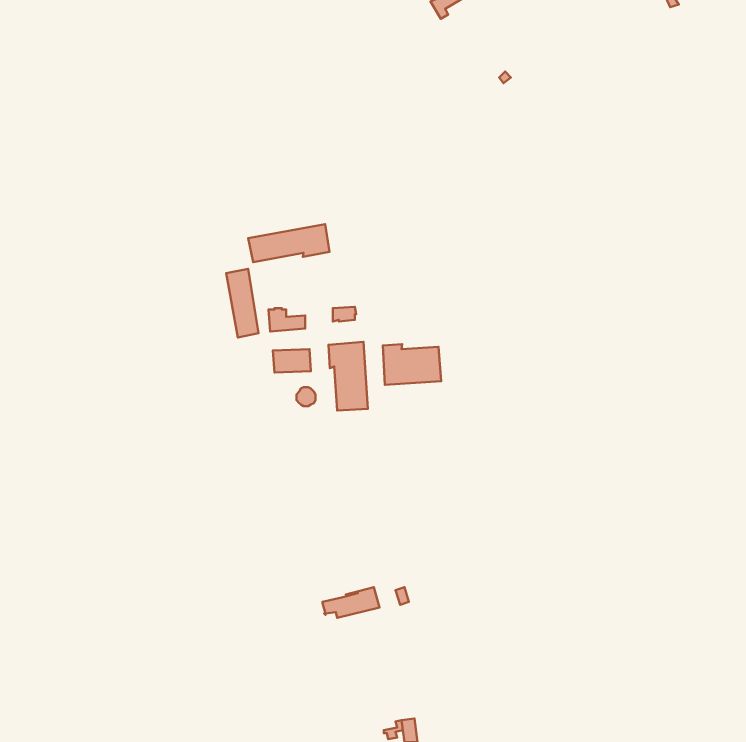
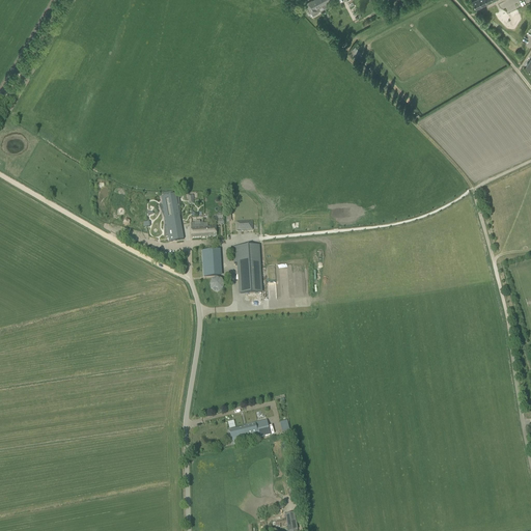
building: [248,224,330,262] -> none
building: [383,344,441,385] -> none

